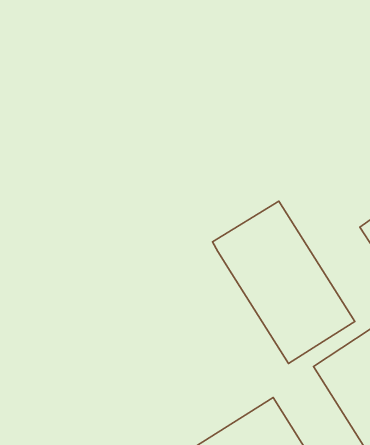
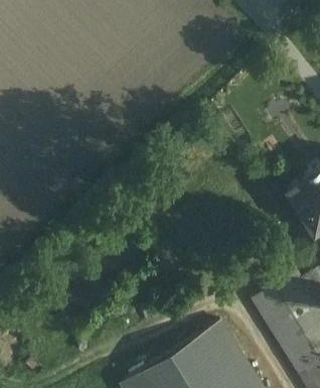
building: [212,201,355,364] -> none

